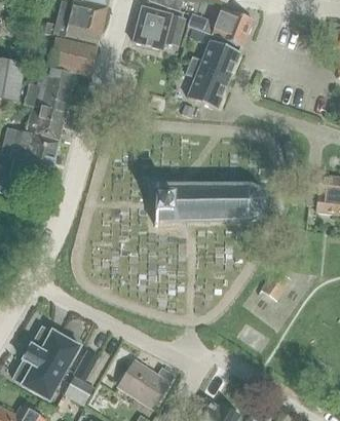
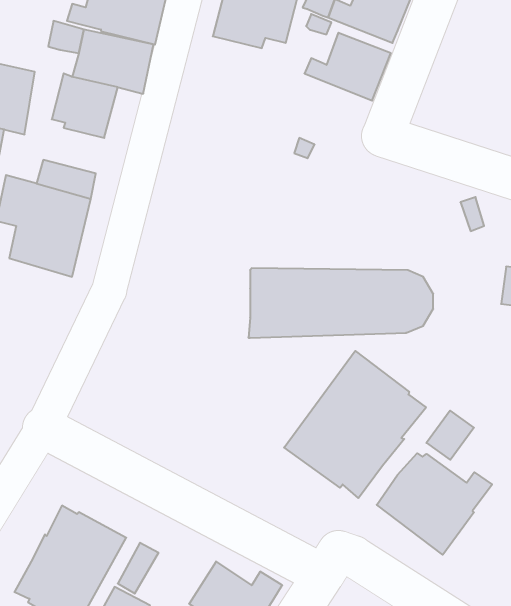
building: [185,64,229,109] -> none
building: [23,91,67,124] -> none
building: none -> [284,351,426,498]
building: none -> [377,453,492,555]

